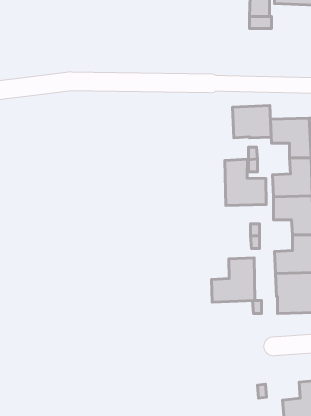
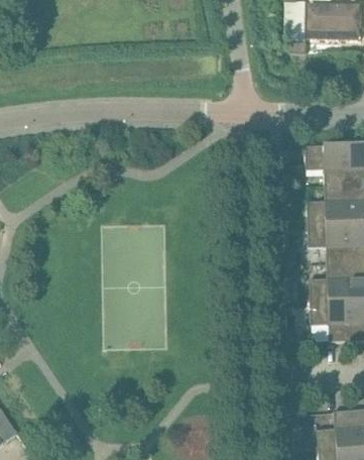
building: [232,105,271,138] -> none
building: [225,159,266,206] -> none
building: [212,258,255,302] -> none

